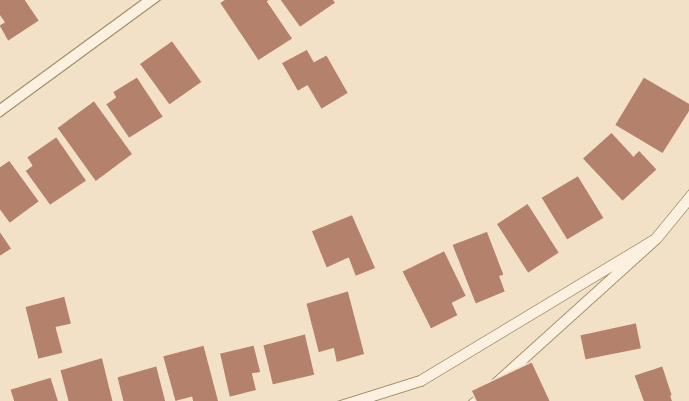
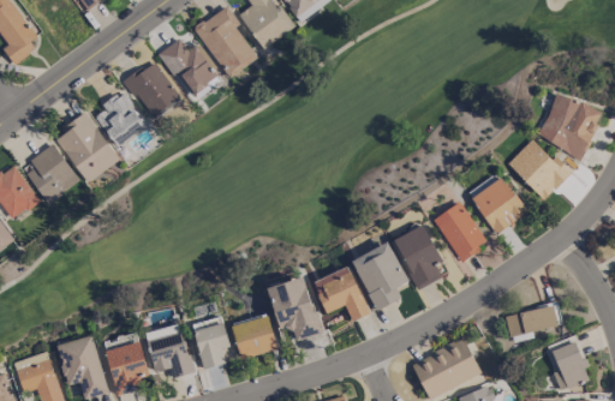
building: [281,49,349,110] -> [159,40,217,92]
building: [311,214,376,277] -> [314,267,370,321]
building: [25,296,72,359] -> none

